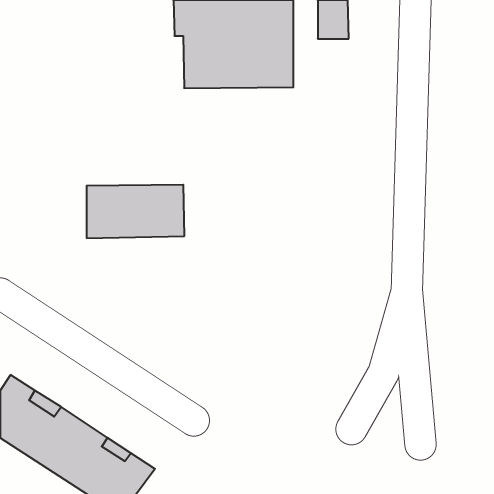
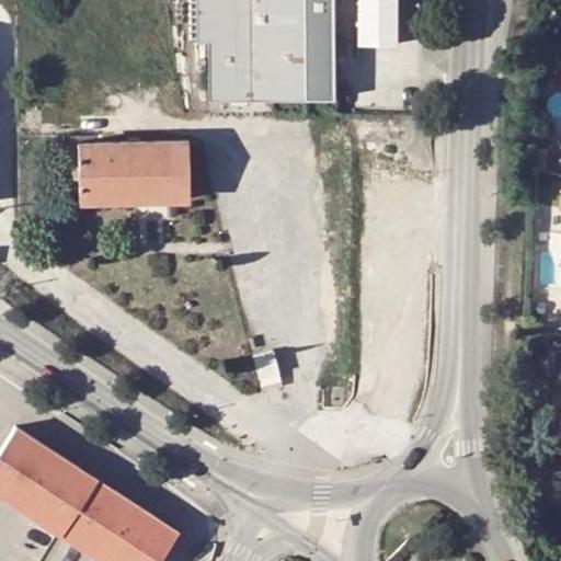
building: [87,185,184,238] -> [79,142,190,203]

